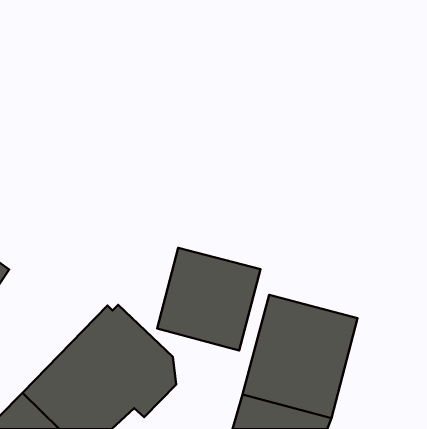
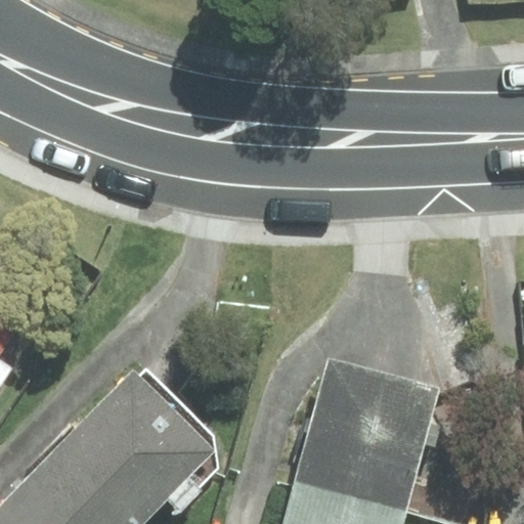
building: [157,248,261,350] -> none

